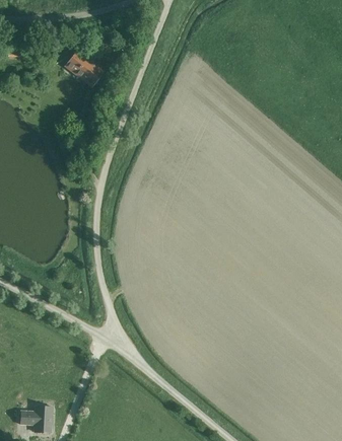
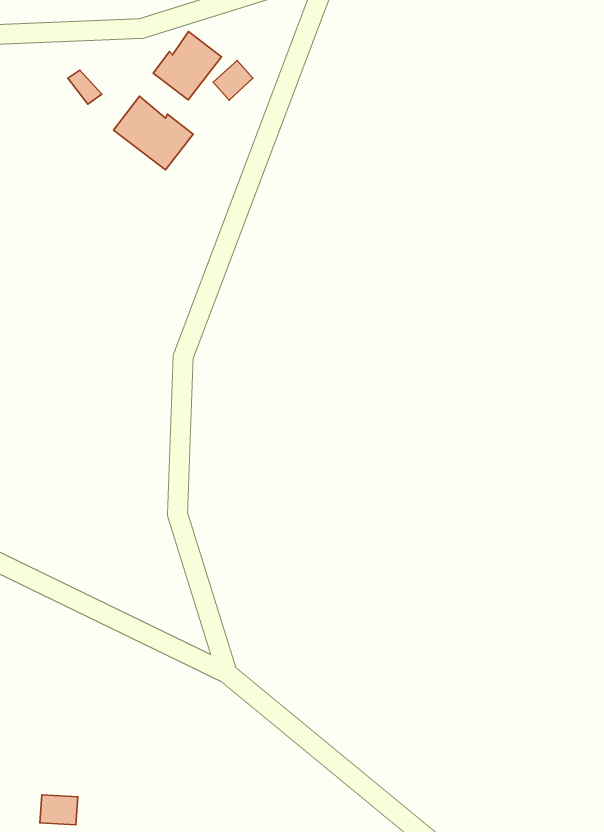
building: none -> [153,31,221,100]

